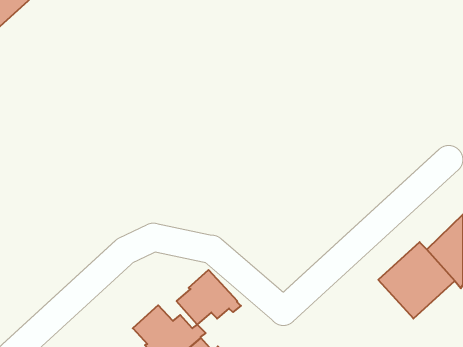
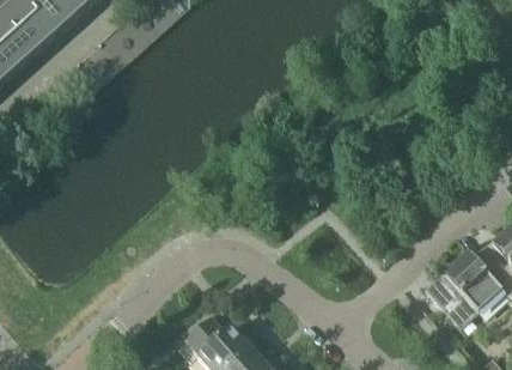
building: [177,270,241,325] -> none

